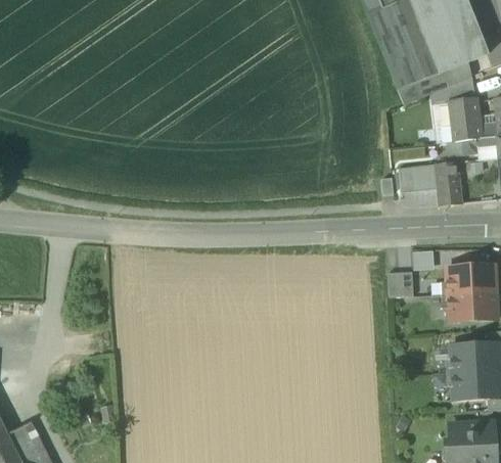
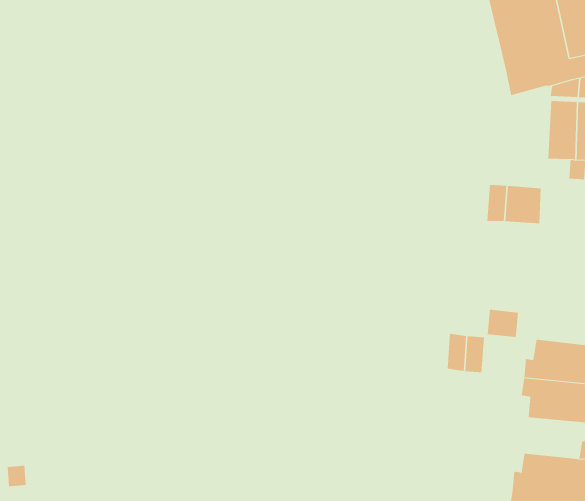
building: [435,160,462,204] -> none

